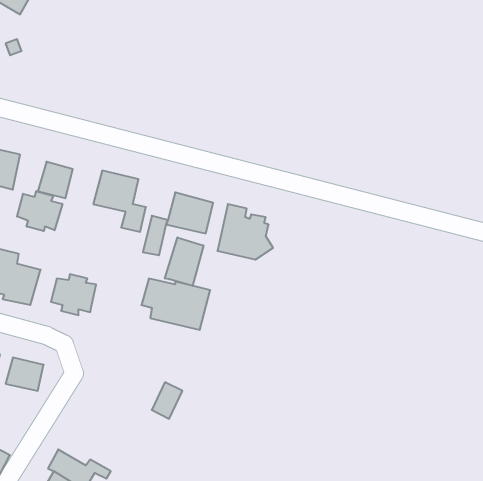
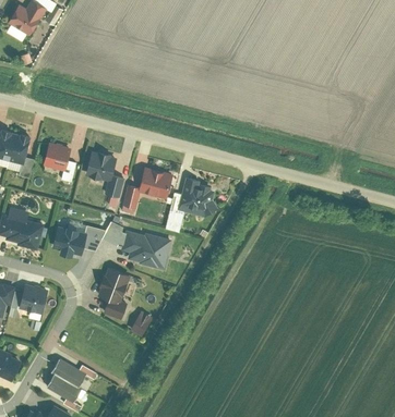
building: [17,191,62,231] -> none
building: [165,237,203,286] -> none
building: none -> [97,267,131,304]

